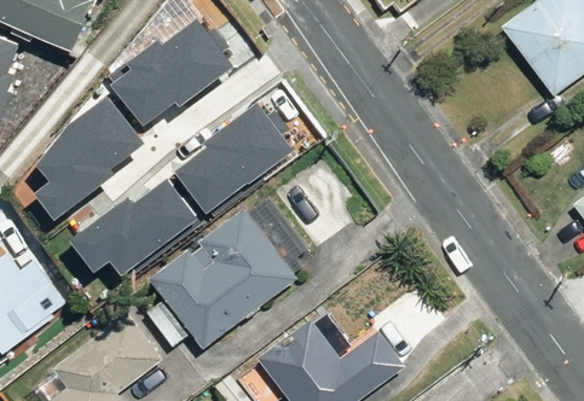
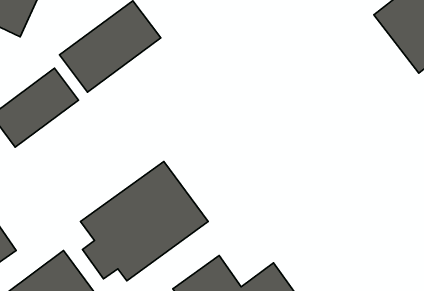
building: [184,99,299,202] -> none
building: [79,175,196,277] -> none

